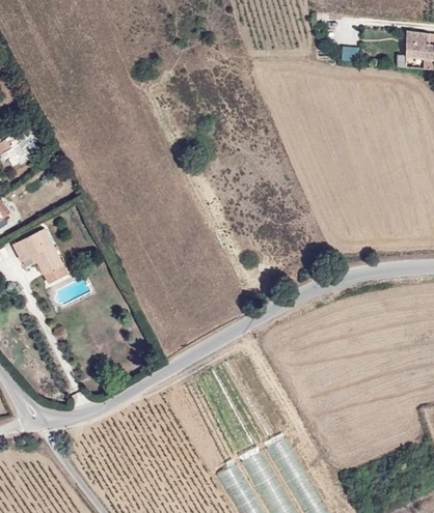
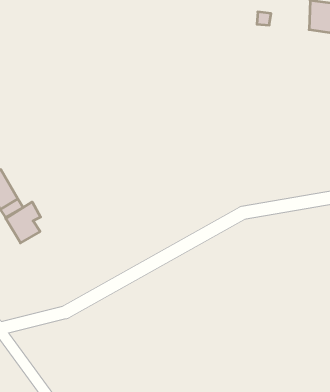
building: none -> [6,202,41,243]

